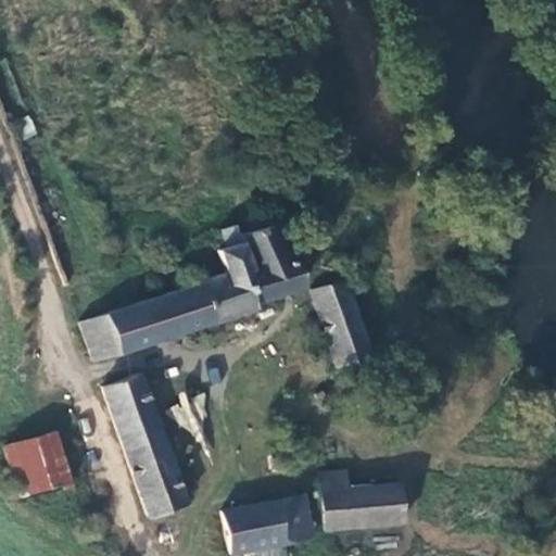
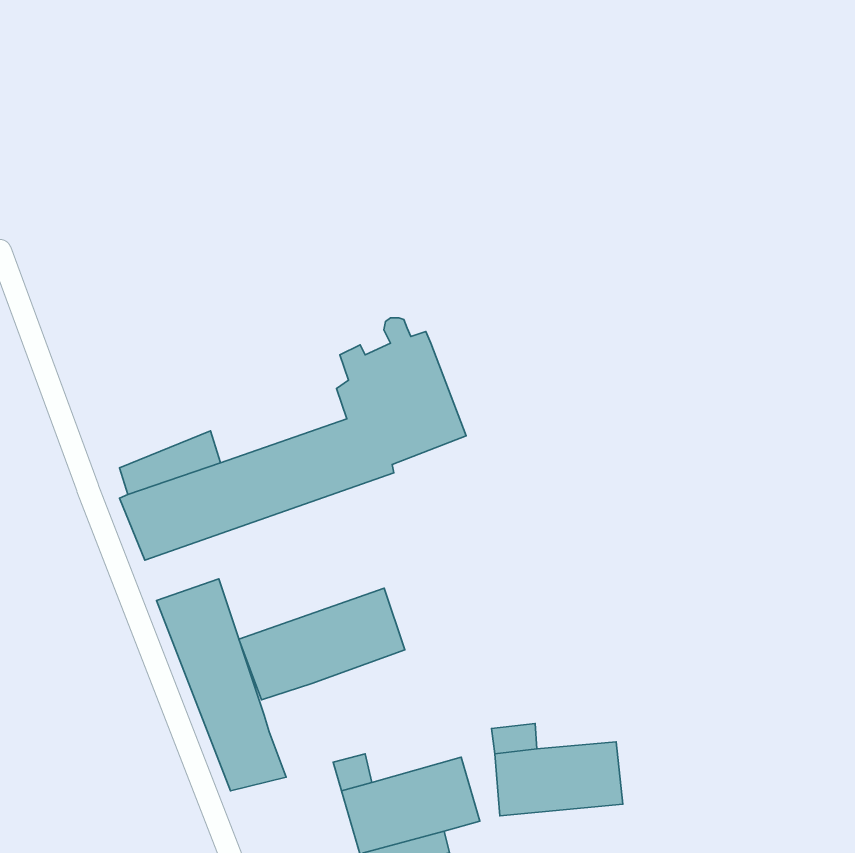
building: [314,278,372,366] -> none
building: none -> [239,588,405,700]
building: [8,435,73,500] -> none

